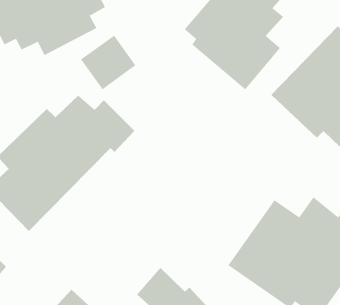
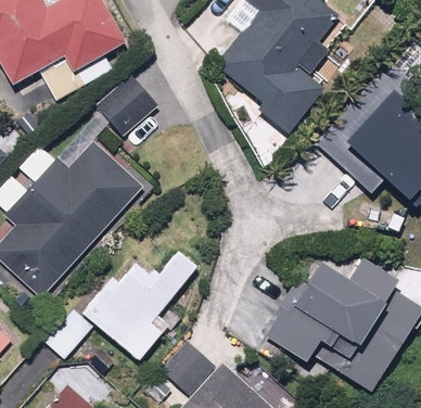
building: none -> [46,247,200,362]

